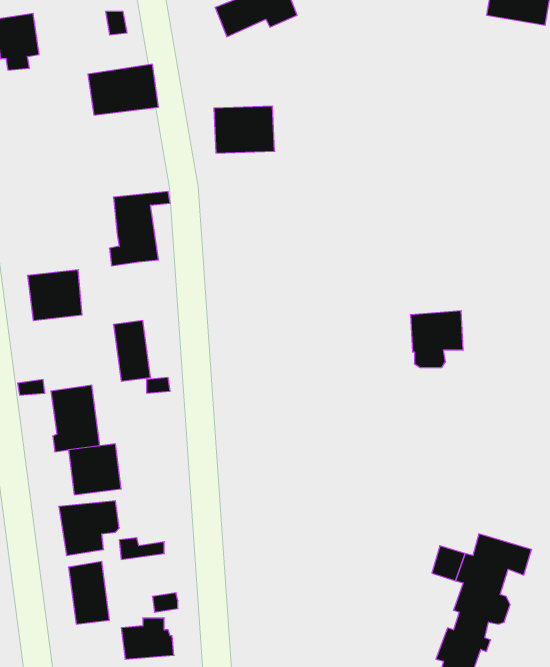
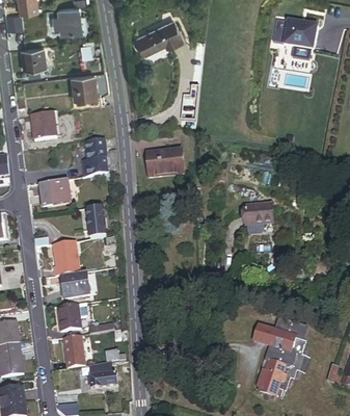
building: [214,106,275,153] -> [144,154,177,179]
building: none -> [30,111,56,138]

